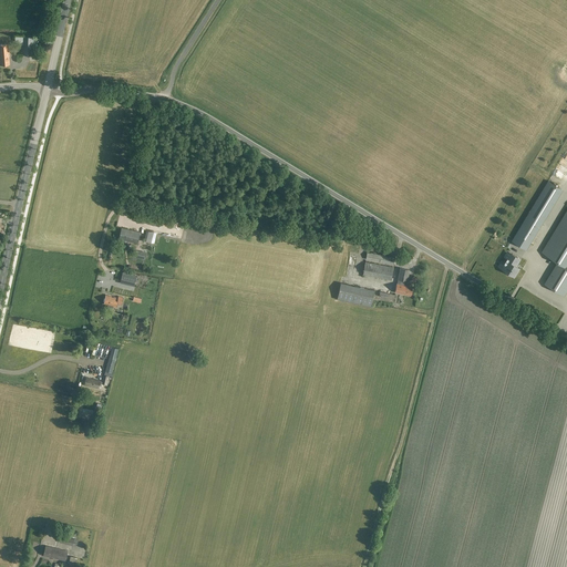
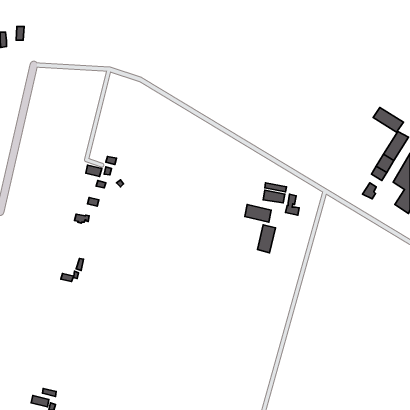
building: none -> [373,107,403,132]
building: none -> [258,225,275,253]

